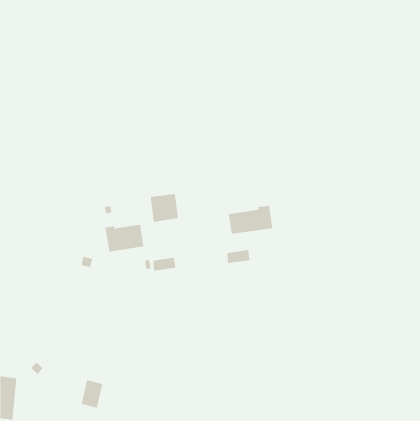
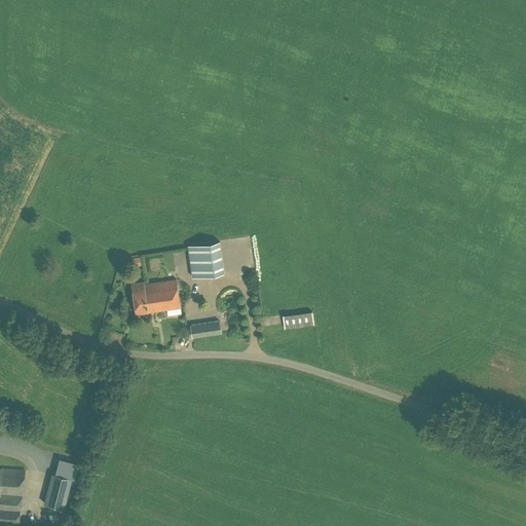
building: [228,205,273,235] -> none
building: [81,380,103,408] -> [43,473,71,509]

